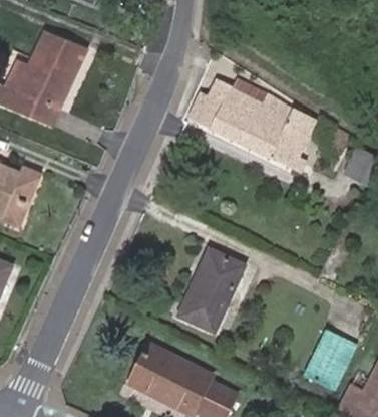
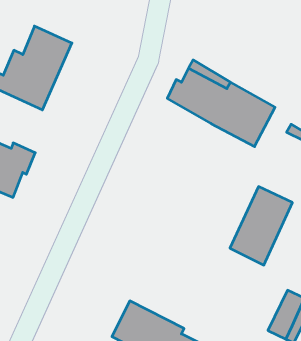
building: [177,247,248,336] -> [230,187,292,265]

